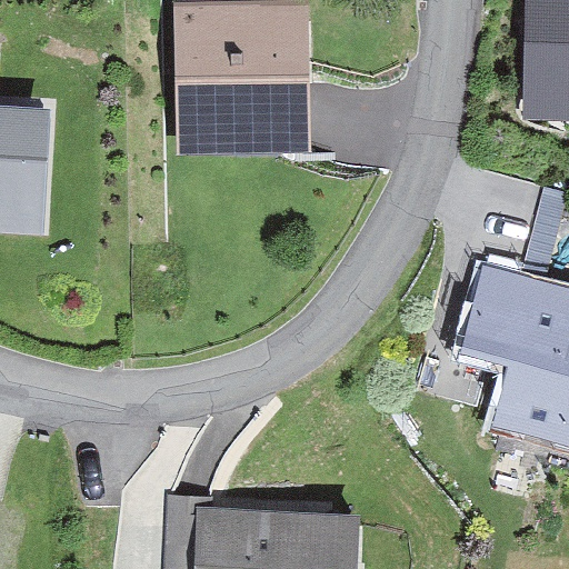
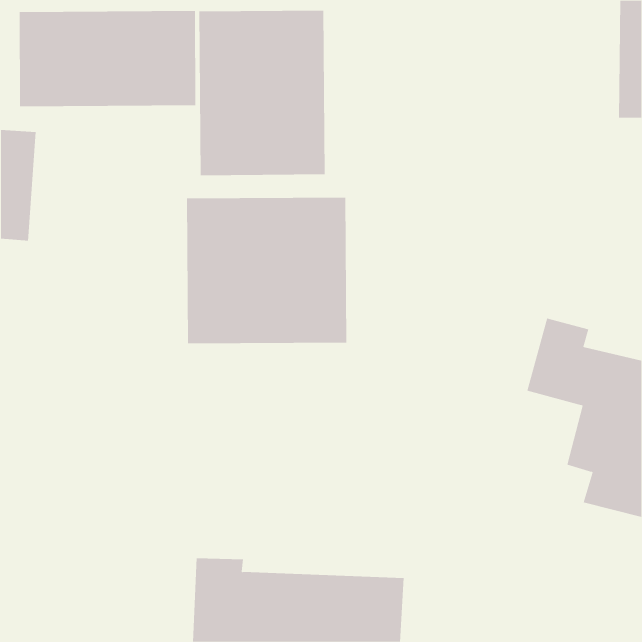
building: none -> [19,10,196,107]
building: none -> [187,197,347,344]

